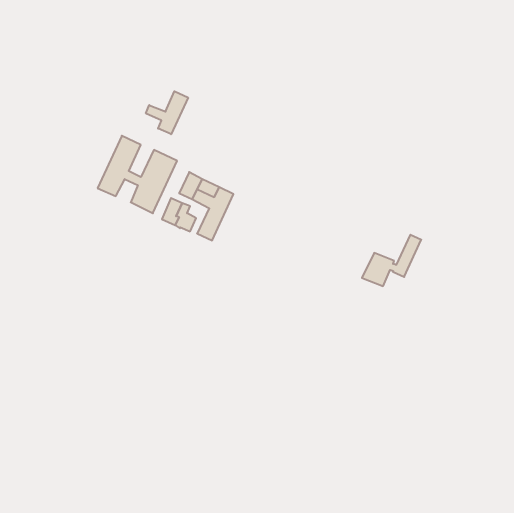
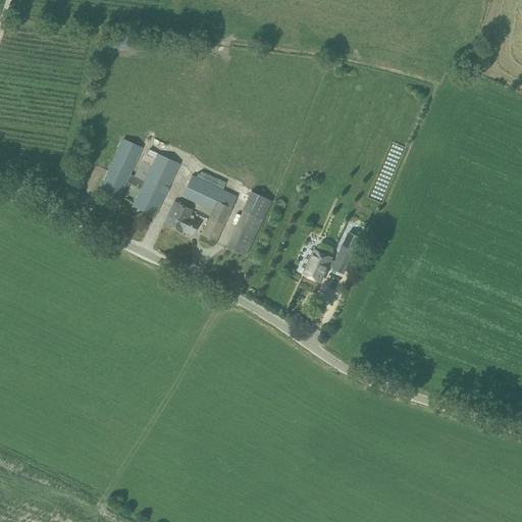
building: [146,91,188,134] -> none
building: none -> [228,191,270,256]
building: [362,235,421,286] -> [302,229,362,281]

